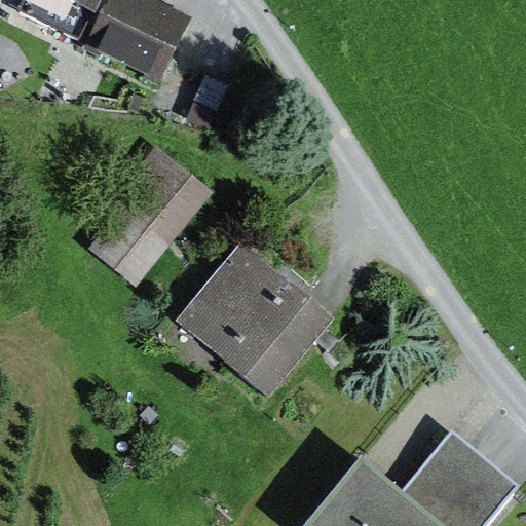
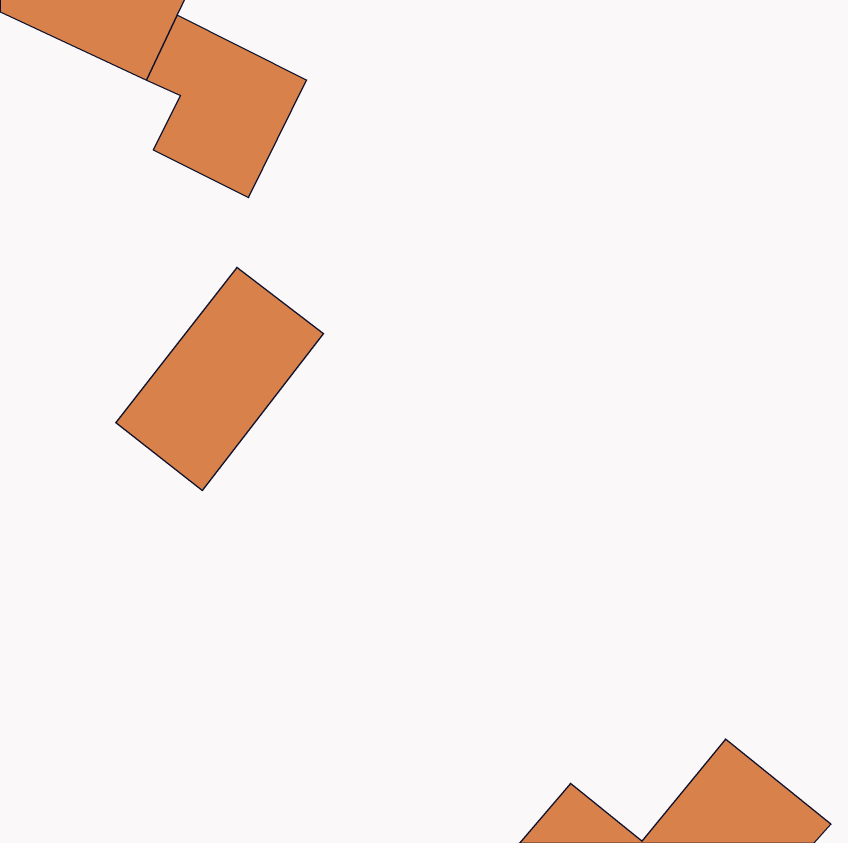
building: [172,252,329,406] -> none

